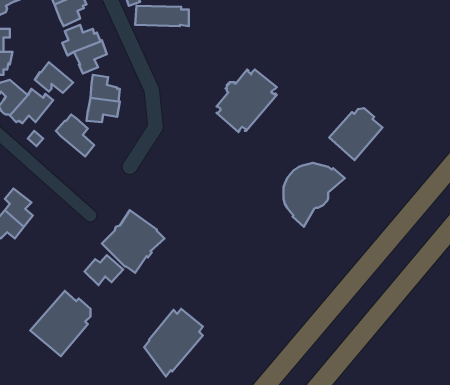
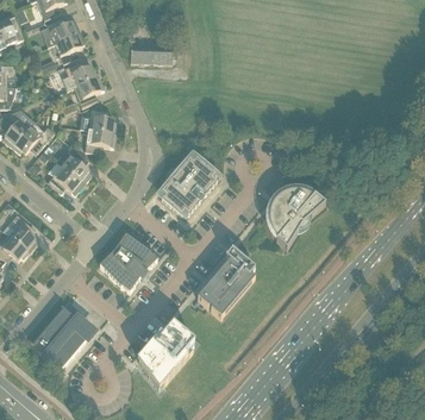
building: [35,62,73,93] -> [48,163,83,192]
building: [217,69,277,132] -> [161,155,217,213]
building: [329,108,382,160] -> none
building: none -> [196,247,255,316]
building: [85,255,123,285] -> none

